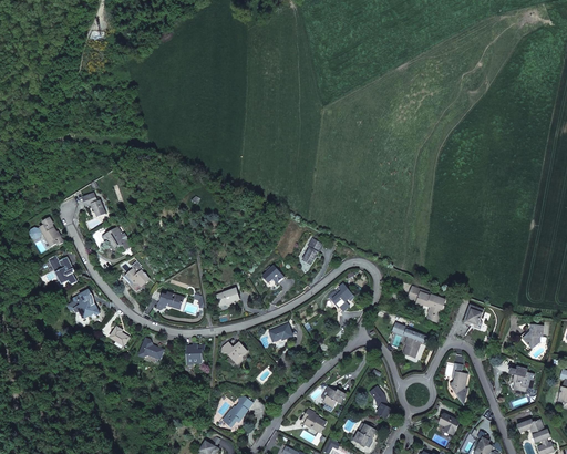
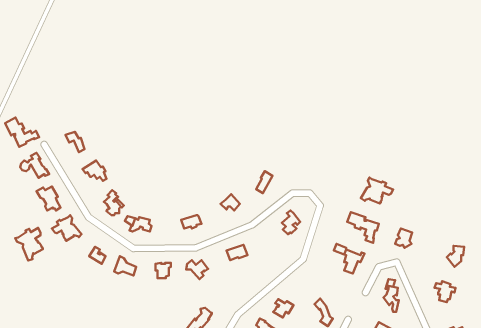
building: none -> [5,118,39,147]
building: none -> [361,177,393,204]
building: none -> [15,228,43,260]

